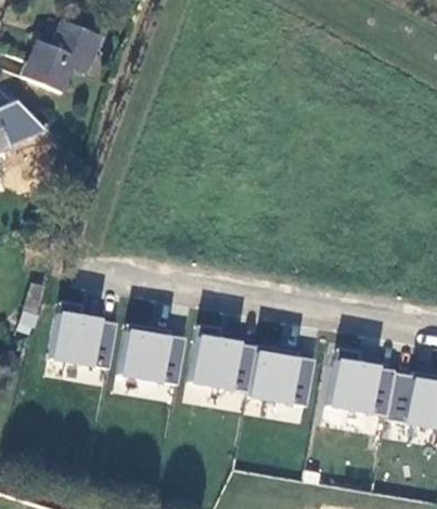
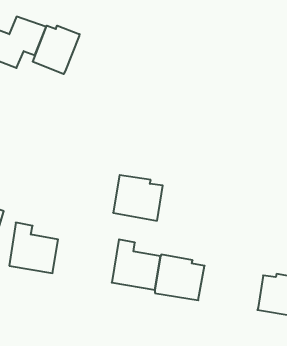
building: none -> [33,26,80,74]
building: [119,324,187,386] -> [113,175,163,221]
building: [329,348,396,416] -> none

